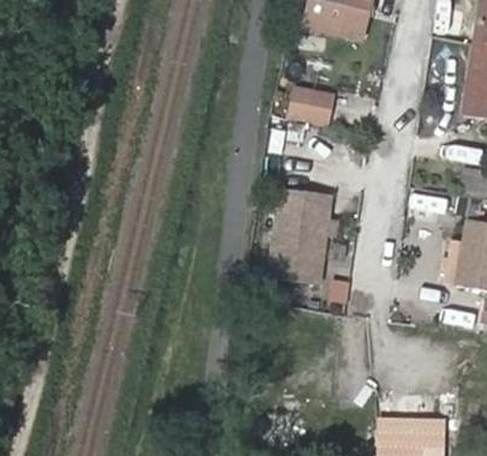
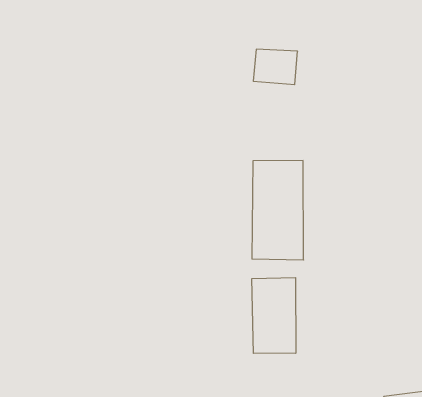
building: none -> [252,278,296,353]

